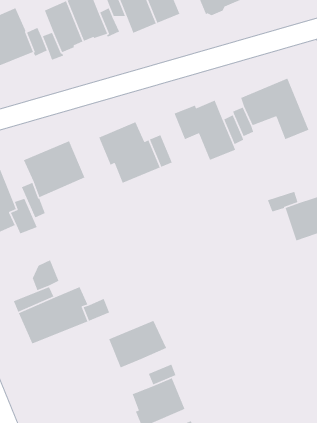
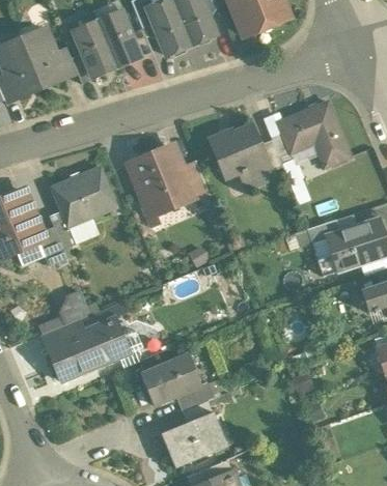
building: none -> [175,380,213,409]

